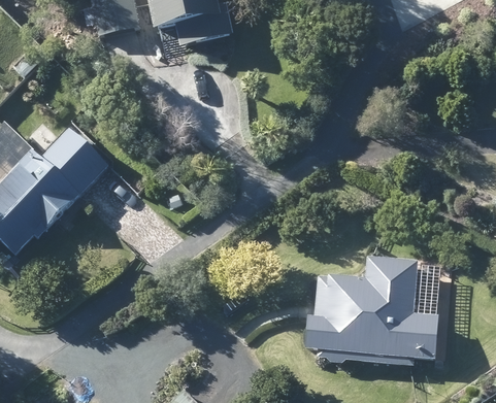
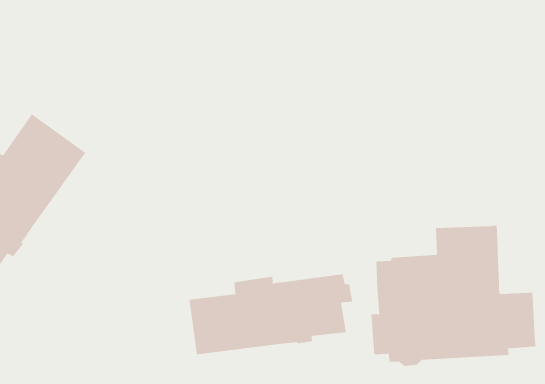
building: none -> [189,274,353,355]

